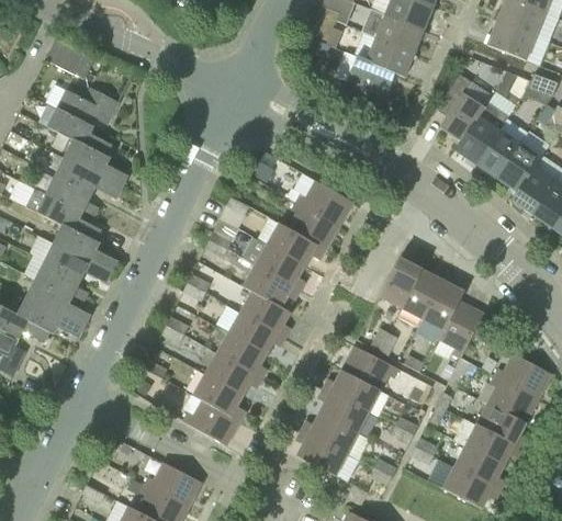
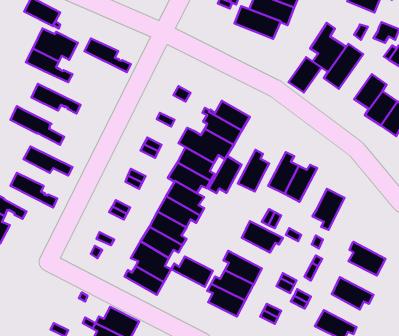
building: [475,129,520,178] -> [289,57,322,92]
building: [64,139,127,185] -> [84,38,131,72]
building: [46,175,98,217] -> none
building: [54,224,117,271] -> none
building: none -> [209,156,242,193]
building: [35,260,88,302] -> none
building: [422,272,464,329] -> [238,150,269,192]
building: [18,296,85,337] -> none
building: [495,353,551,396] -> none
building: [324,367,381,409] -> [171,256,213,287]
building: [476,399,527,445] -> none
building: [454,444,505,489] -> none

